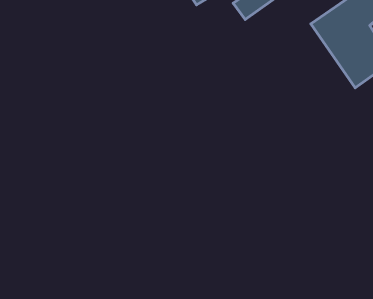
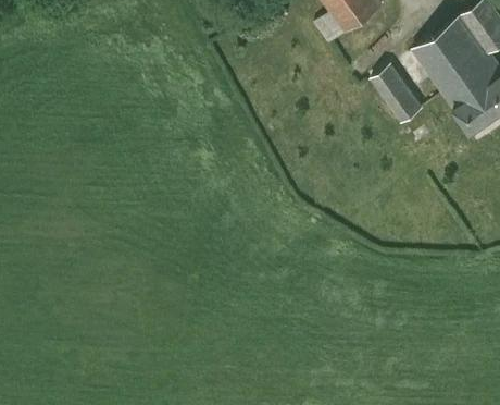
building: none -> [370,64,422,124]

